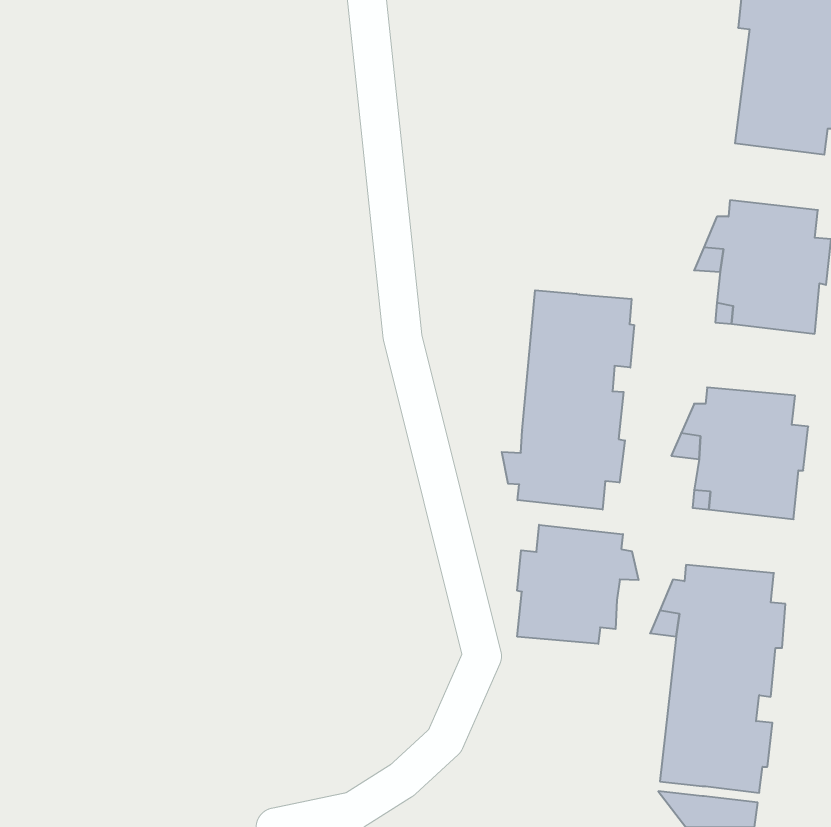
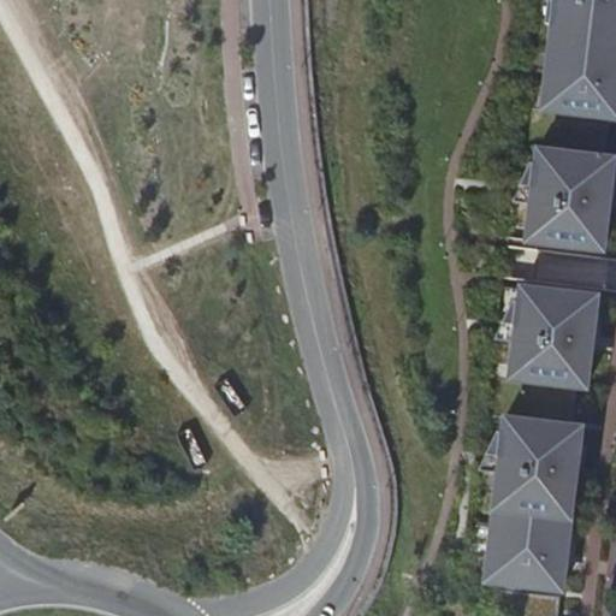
building: [502,290,634,510] -> none
building: [517,525,639,644] -> none

